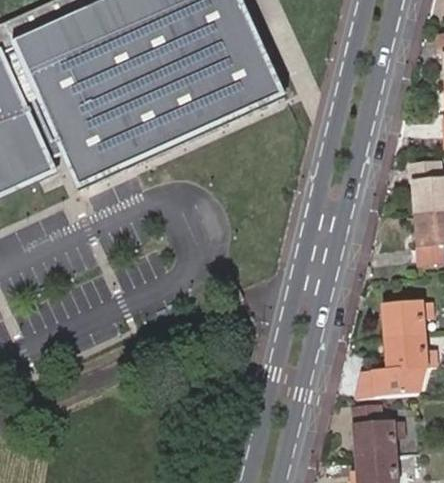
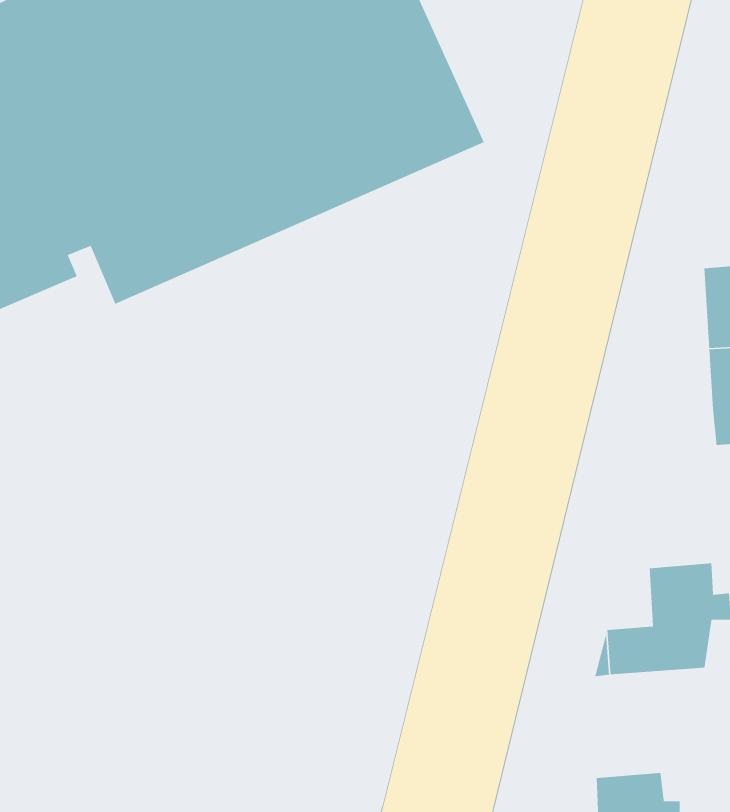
building: [381,302,426,337] -> none
building: [350,405,399,456] -> none

